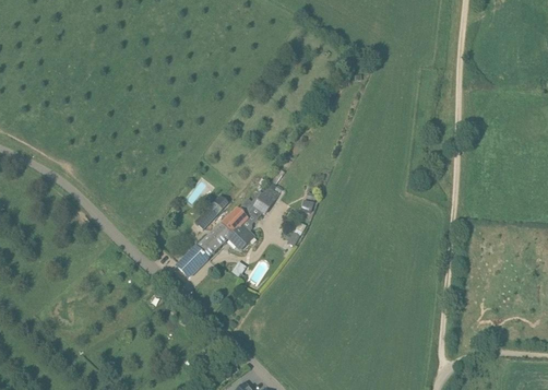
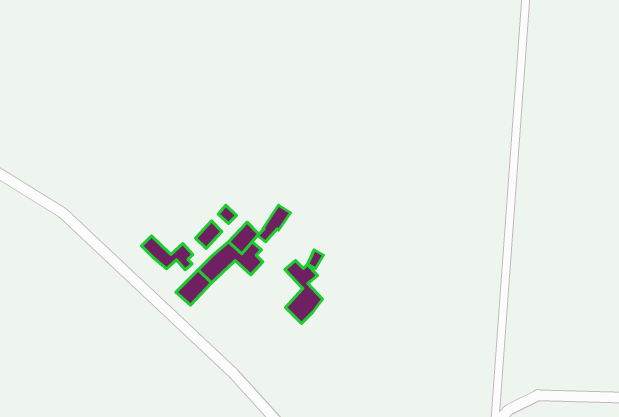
building: none -> [141,236,193,270]
building: none -> [285,261,323,323]

